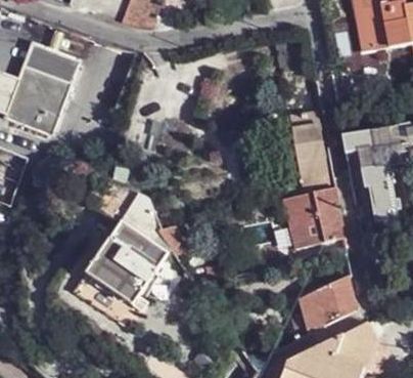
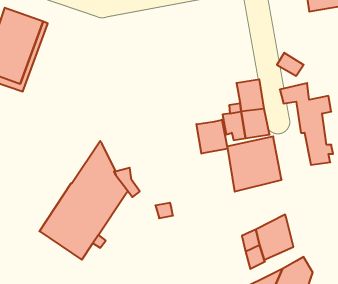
building: none -> [196,120,228,154]

